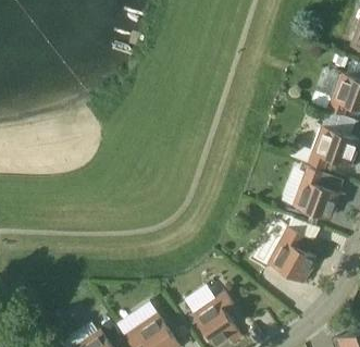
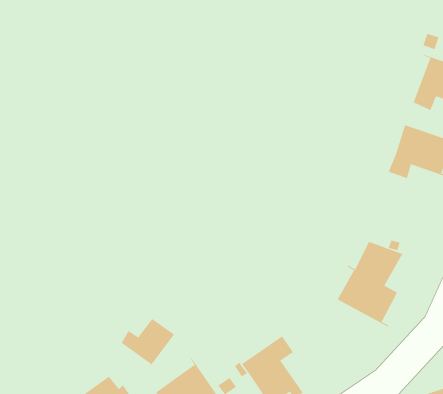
building: [280,166,346,219] -> none
building: none -> [121,313,175,370]

